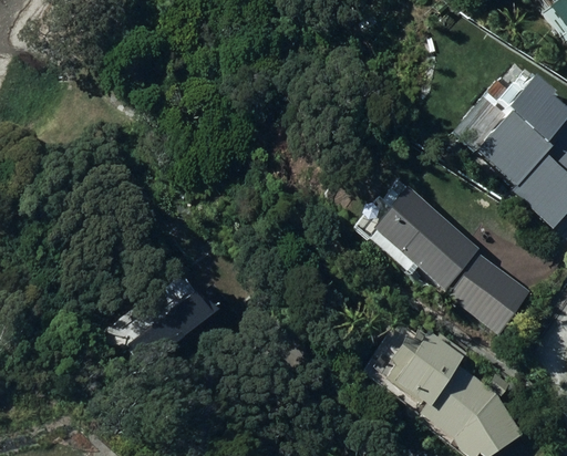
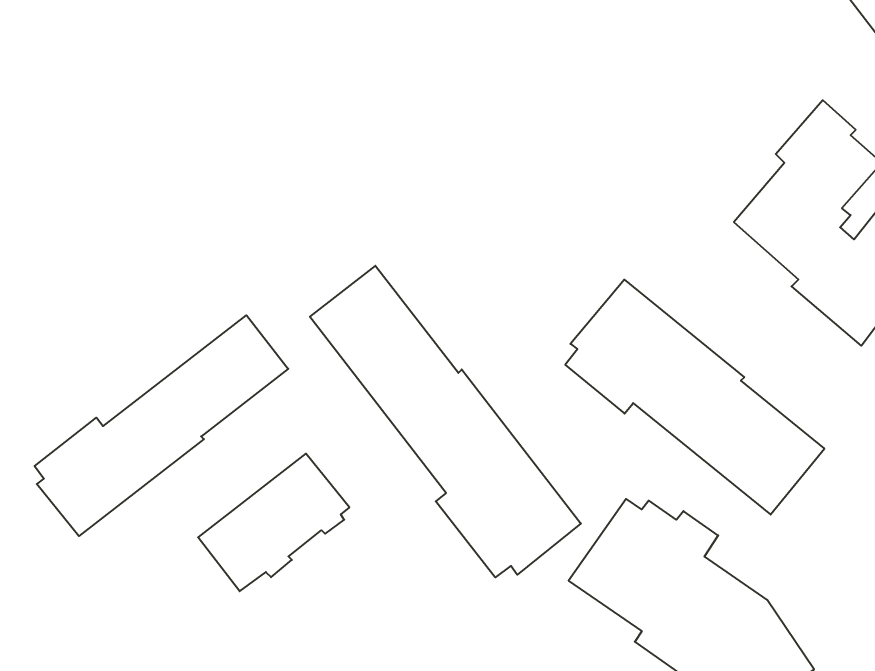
building: none -> [310,266,581,577]
building: none -> [35,315,288,536]

